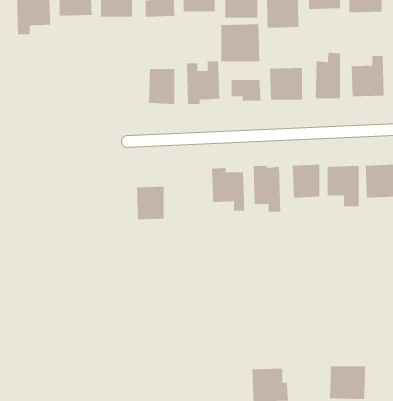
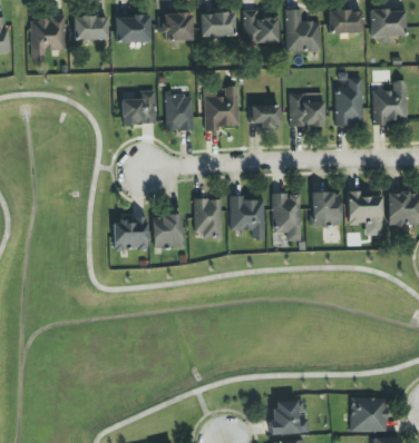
building: [221,23,260,62] -> none
building: none -> [121,90,156,124]
building: none -> [194,198,222,238]
building: none -> [113,216,147,249]

